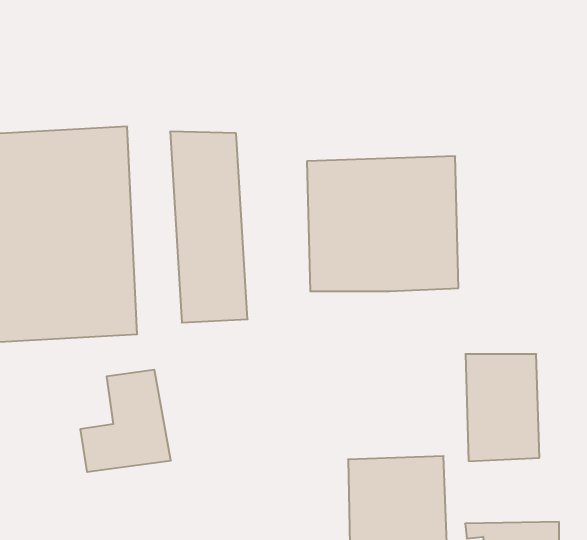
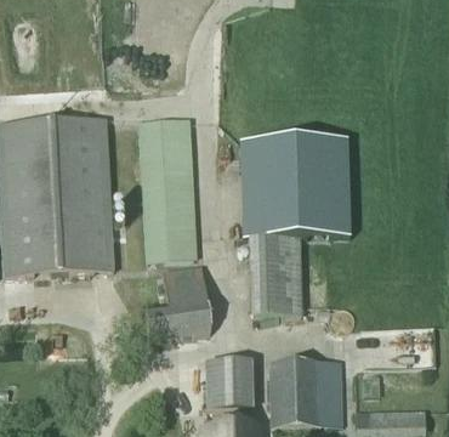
building: [465,354,539,461] -> [248,237,302,316]
building: [80,370,171,472] -> [144,263,211,339]
building: none -> [204,357,254,408]

